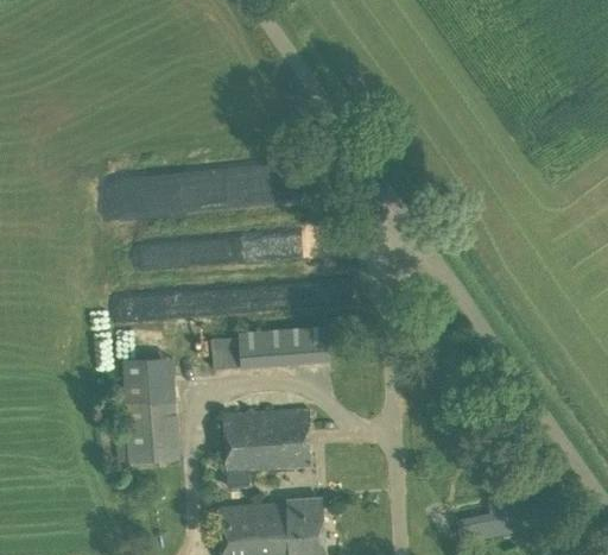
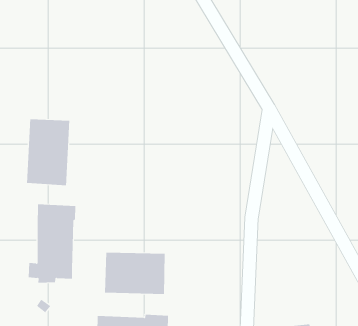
building: none -> [26,118,70,186]
building: [210,328,329,370] -> none

